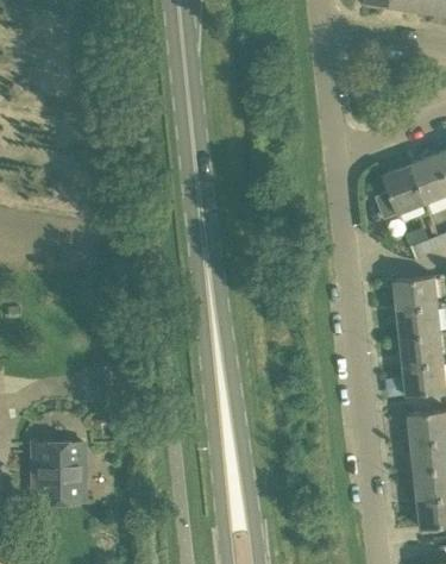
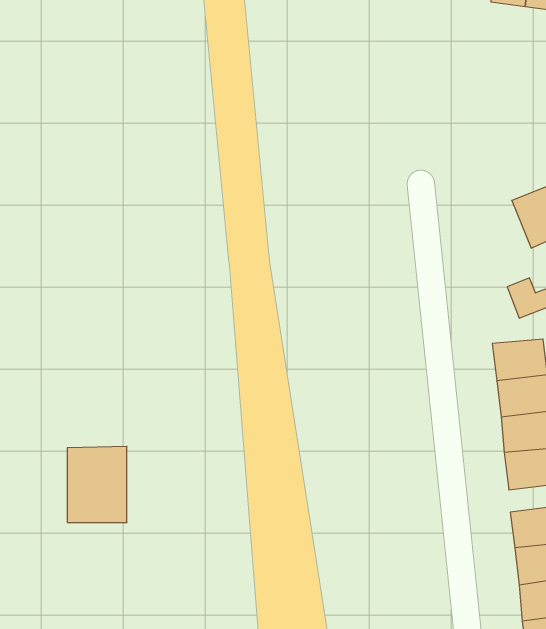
building: [376,165,426,219] -> none
building: [34,441,82,502] -> [67,446,127,522]

